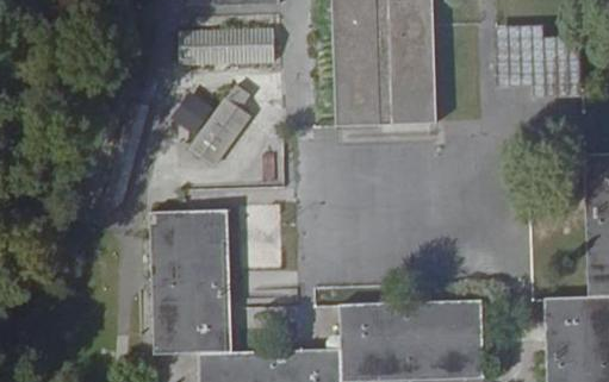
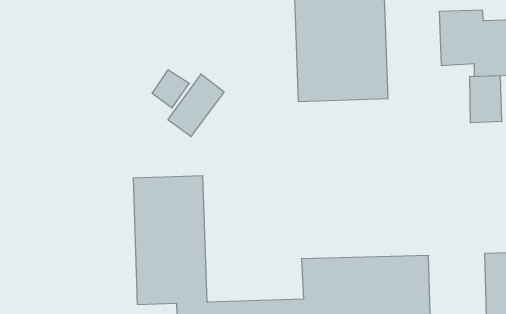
building: [180,27,274,65] -> none
building: none -> [470,76,502,123]

